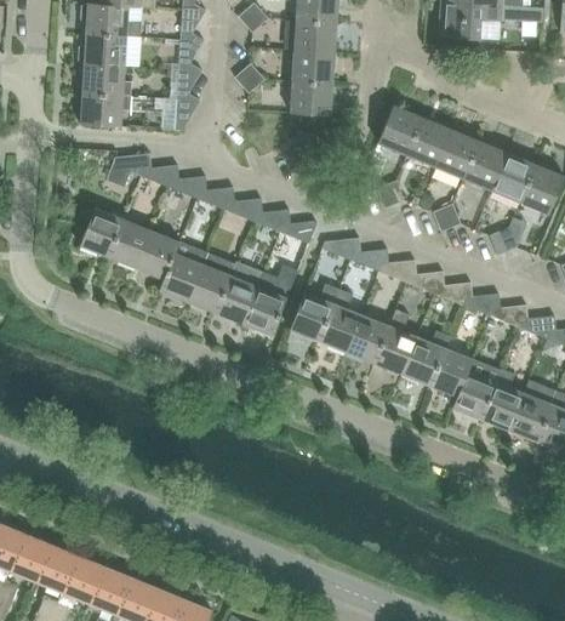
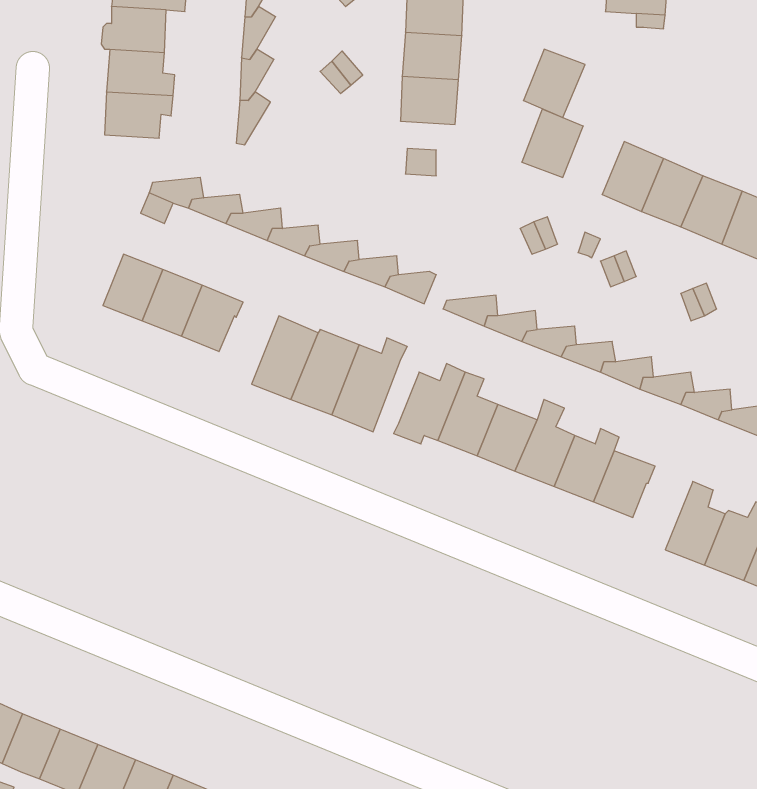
building: [406,116,450,165] -> [523,49,585,118]
building: [158,241,205,300] -> none
building: [451,358,498,417] -> none

